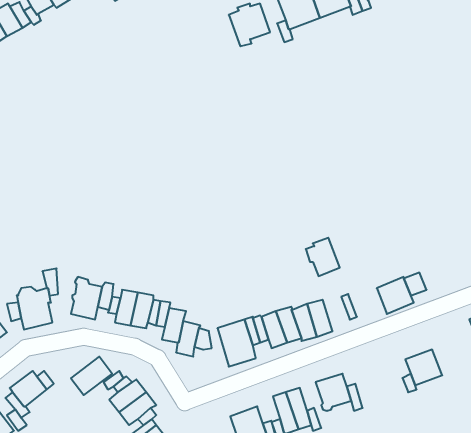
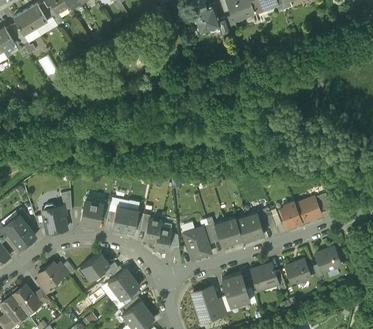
building: [306,238,340,276] -> [278,201,302,228]
building: none -> [285,260,311,285]

